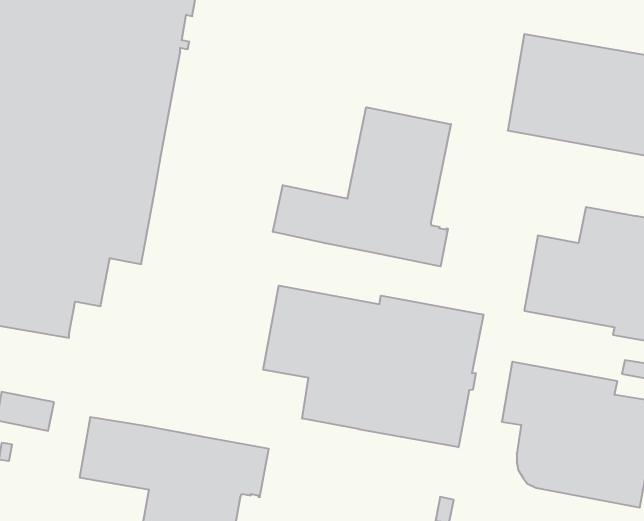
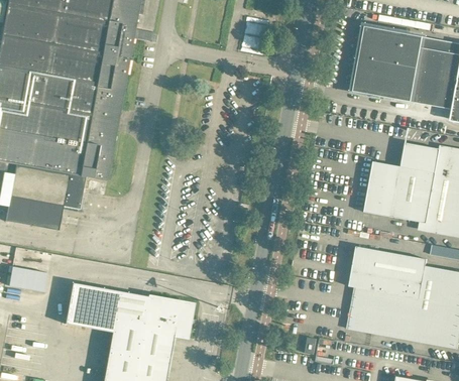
building: none -> [243,16,268,47]
building: [273,107,451,266] -> none
building: [263,286,483,447] -> none

